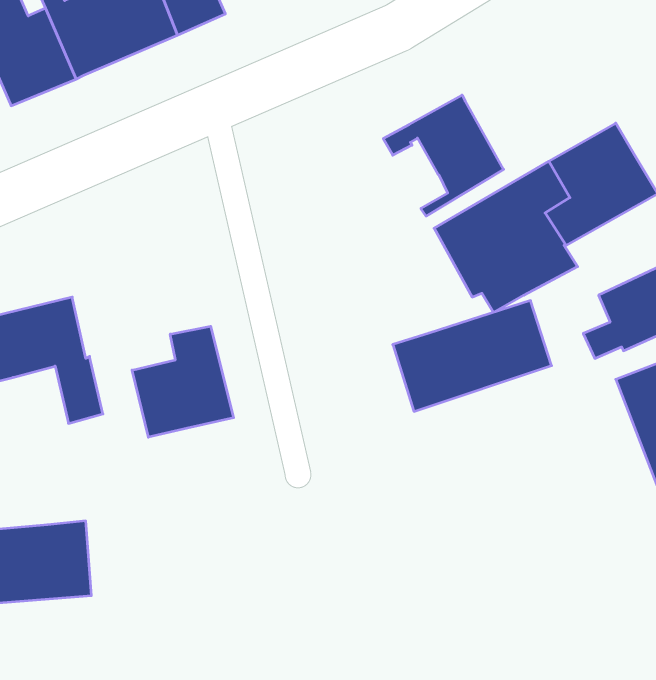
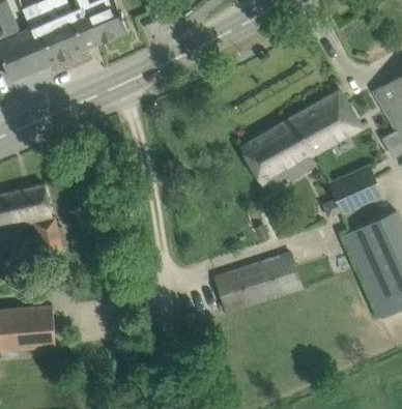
building: [383,95,504,216] -> none
building: [393,301,552,411] -> [216,253,302,313]
building: [132,326,234,437] -> none

